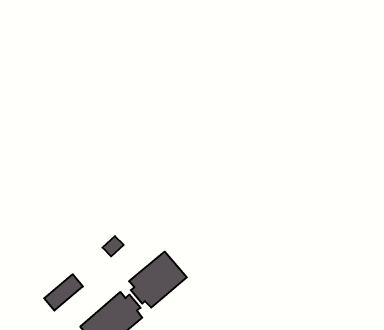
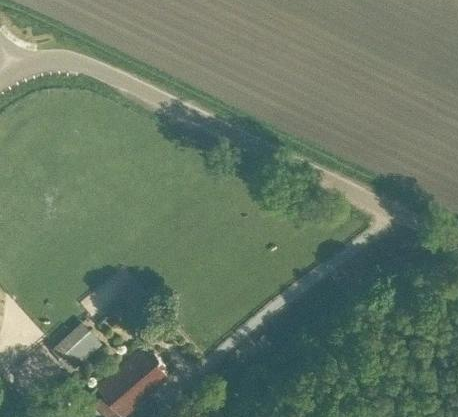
building: [129,252,187,308] -> none

